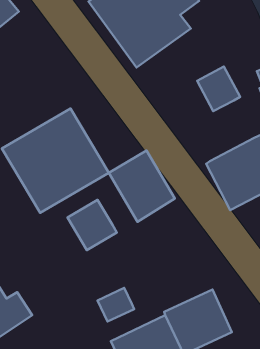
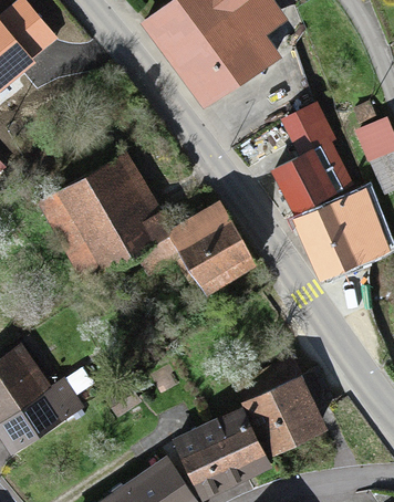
building: none -> [272,144,352,219]
building: [68,200,117,250] -> none
building: [98,288,134,322] -> none

